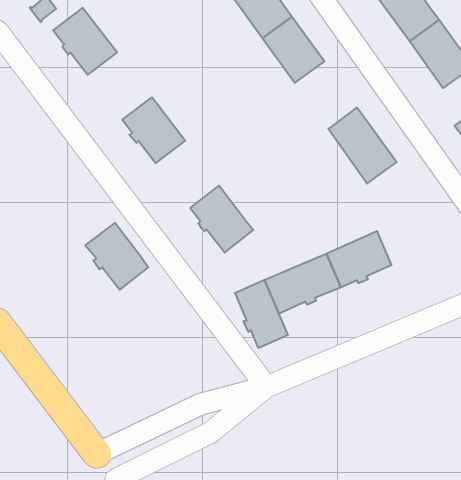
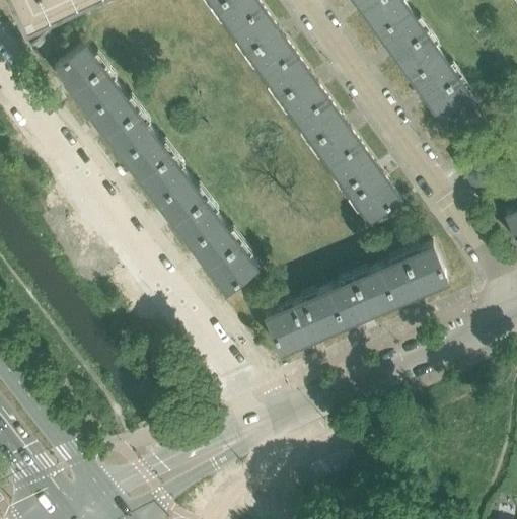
building: none -> [90,91,154,158]
building: none -> [297,100,359,167]
building: none -> [379,247,446,303]
building: [85,223,148,290] -> [158,179,221,246]
building: [235,280,288,348] -> none

